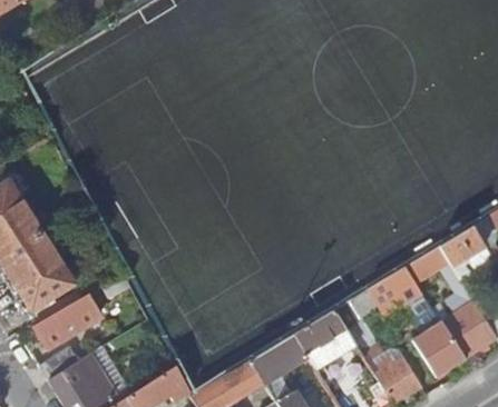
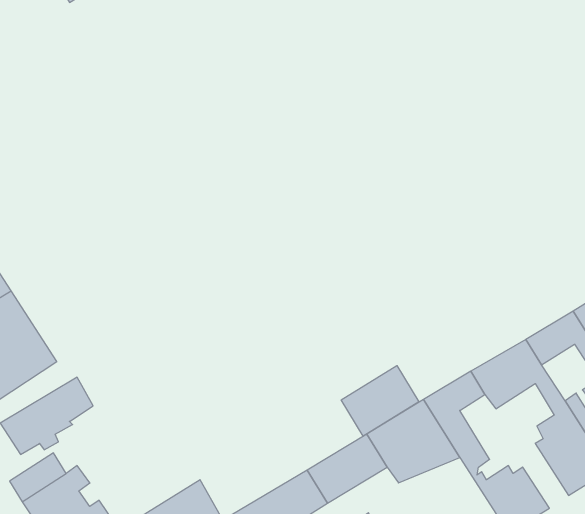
building: none -> [341,366,419,436]

